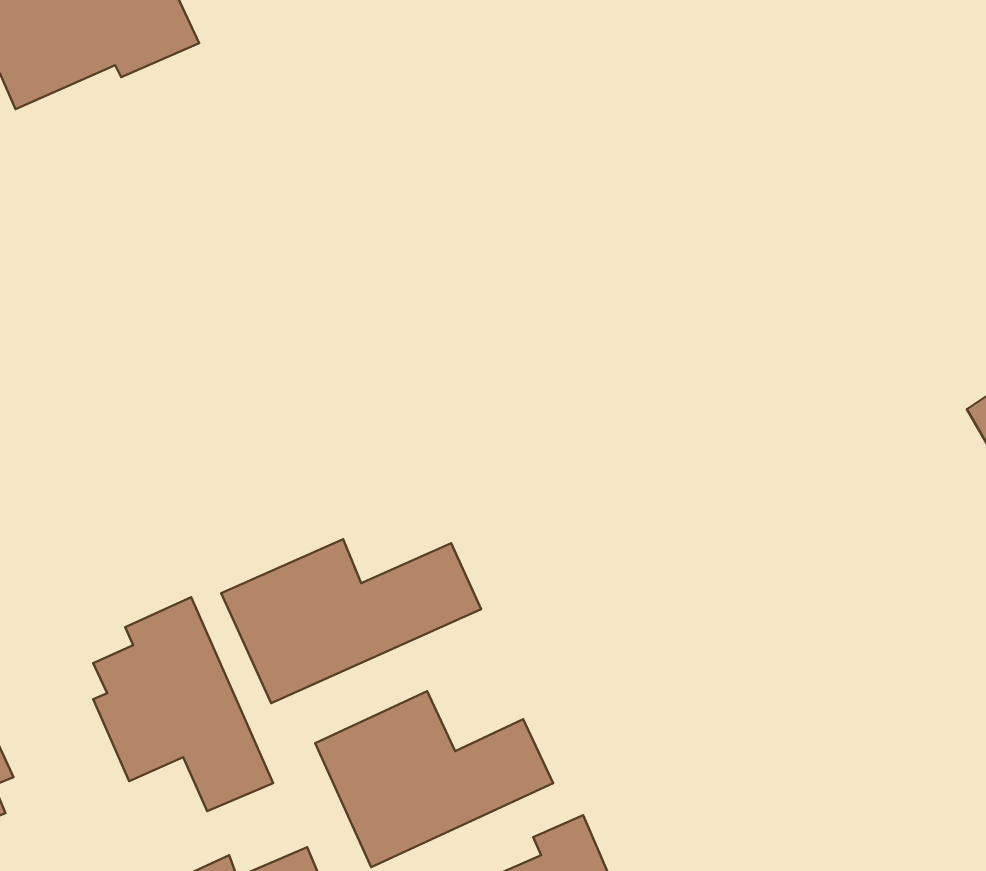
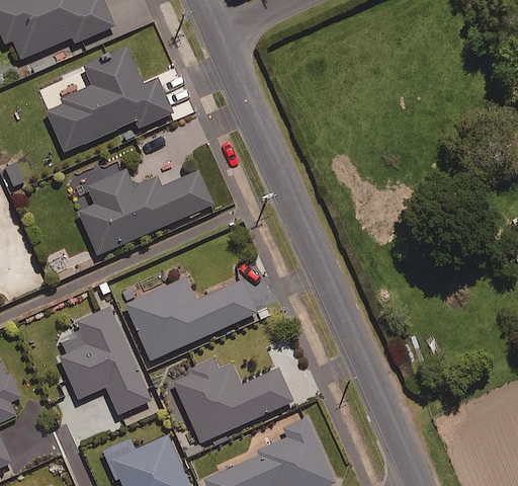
building: none -> [46,49,172,153]
building: none -> [77,168,214,256]

